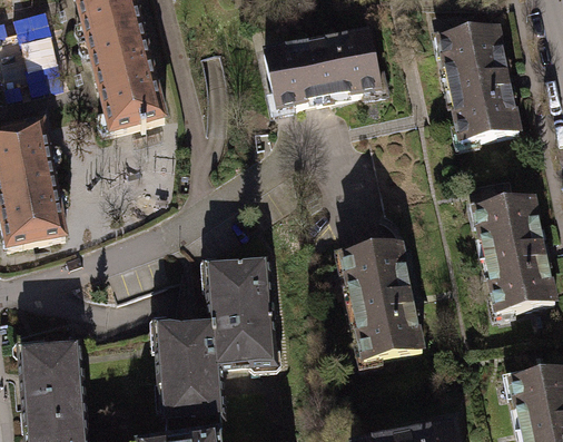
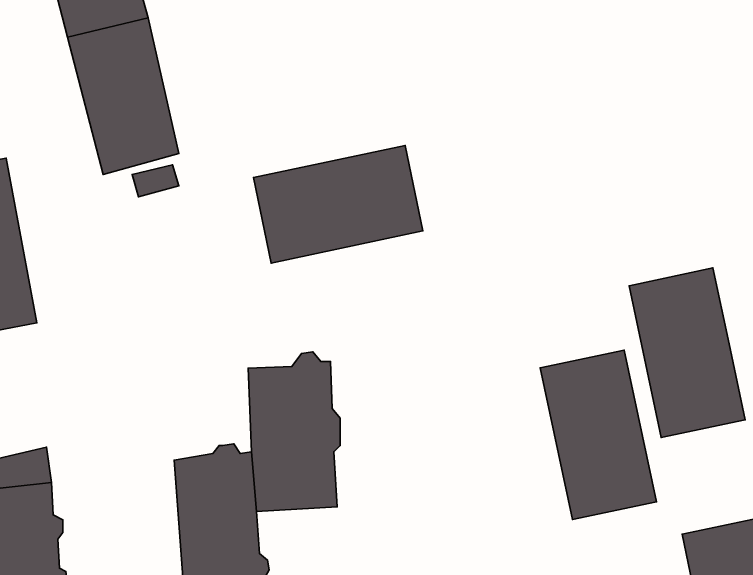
building: [436,23,517,140] -> none
building: [261,29,378,110] -> [254,145,423,263]
building: [342,243,422,360] -> [540,350,656,519]

